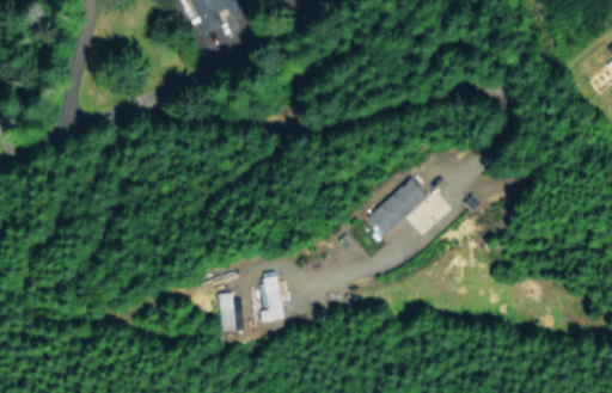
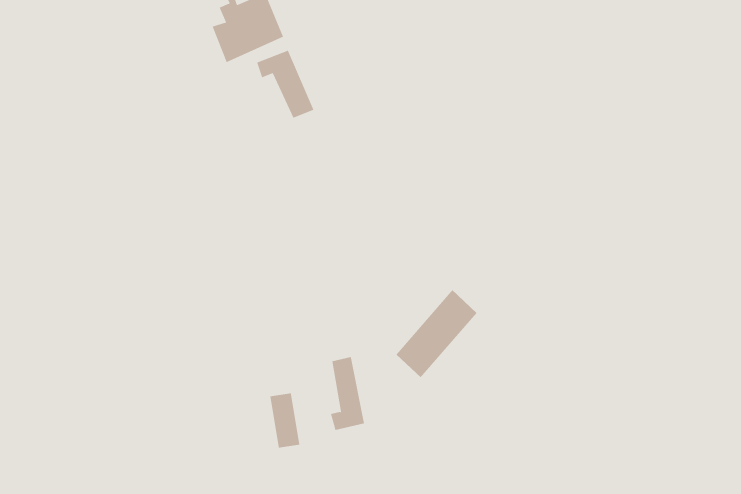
building: none -> [257,50,314,118]
building: [367,176,427,237] -> [395,289,477,378]

